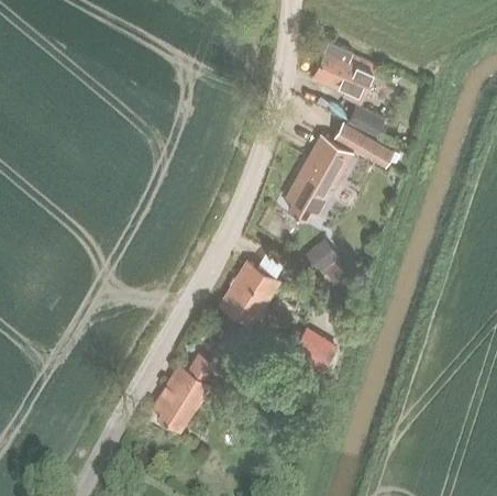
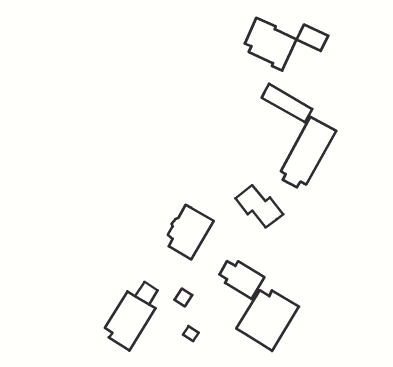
building: [346,104,384,135] -> [296,25,328,51]
building: [286,137,351,220] -> [281,117,336,187]
building: none -> [236,290,299,351]

